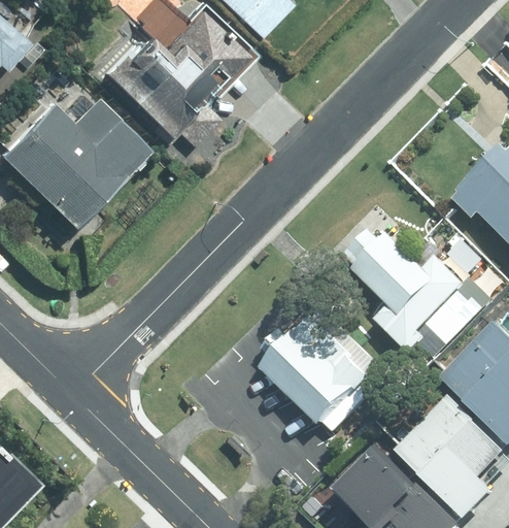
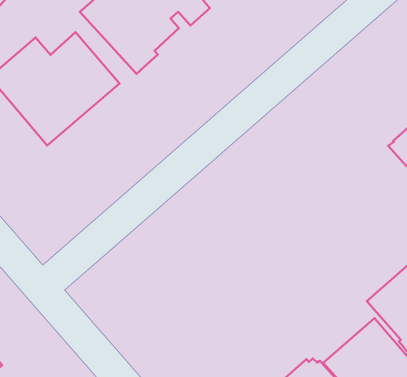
building: [353,231,472,358] -> none
building: [266,320,382,432] -> none

